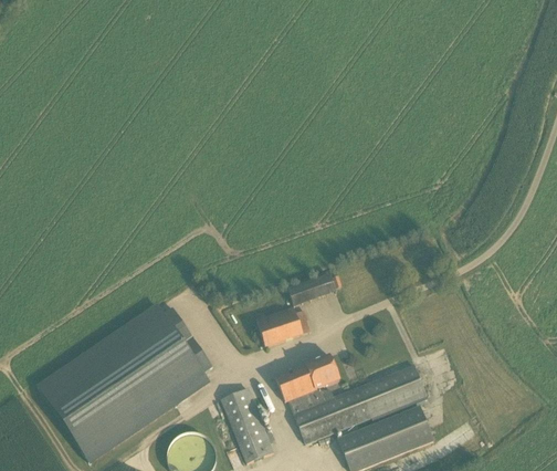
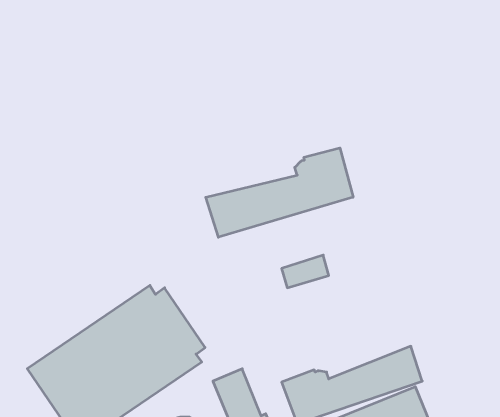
building: none -> [206,148,353,237]
building: [255,307,311,347] -> none
building: [275,355,339,400] -> none

